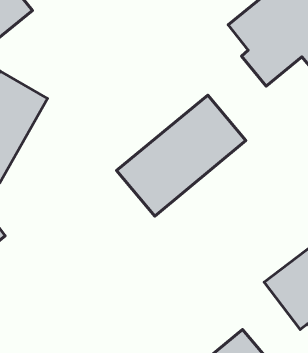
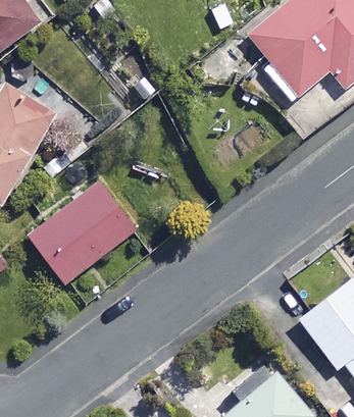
building: [117,95,246,216] -> none
building: none -> [31,183,136,284]

